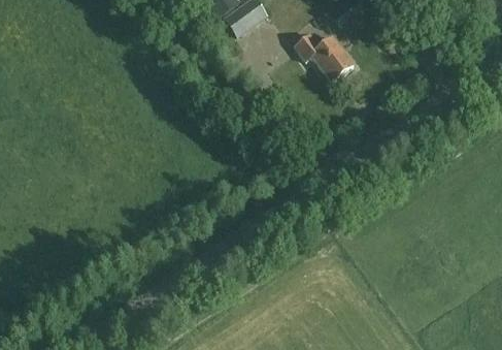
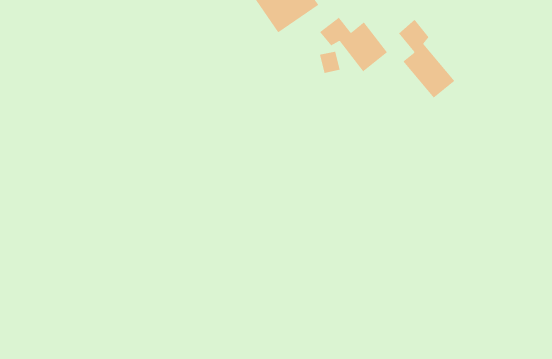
building: none -> [398,19,455,98]

